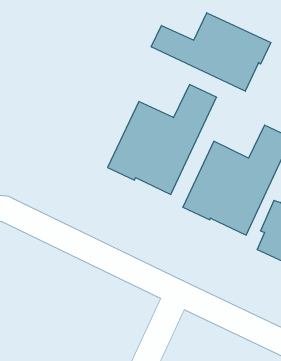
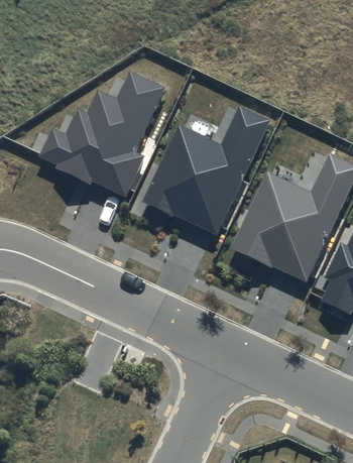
building: [151,13,271,91] -> none
building: none -> [39,70,165,196]

